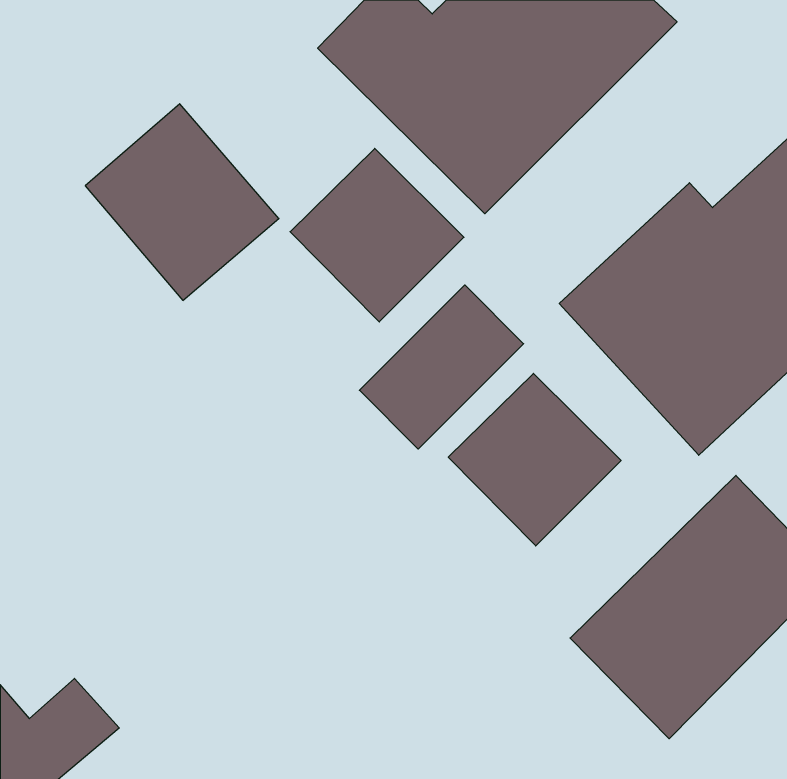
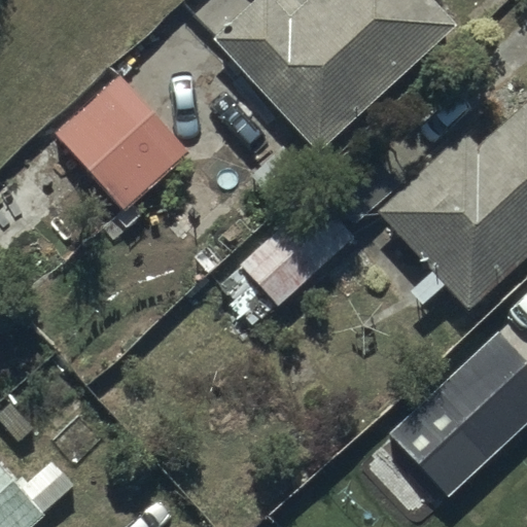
building: [290,148,464,322] -> none
building: [448,373,621,546] -> none

